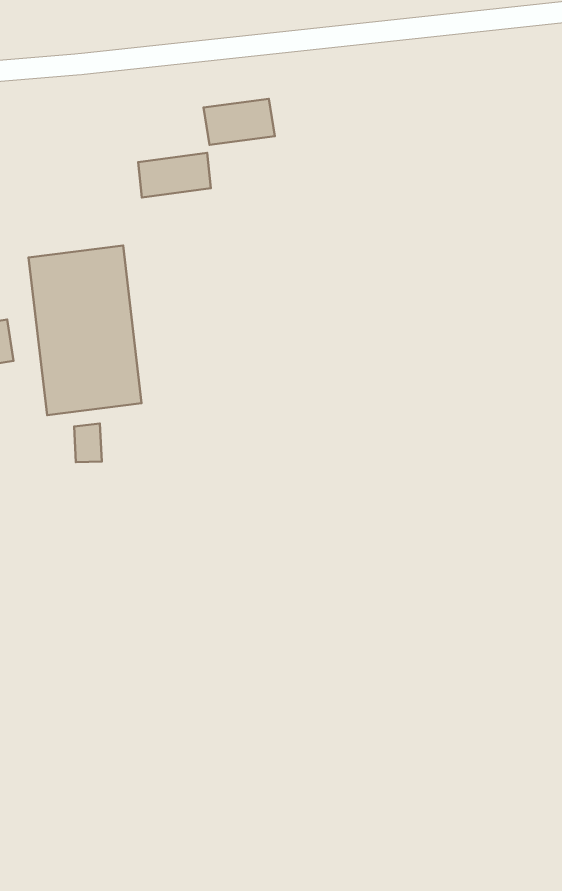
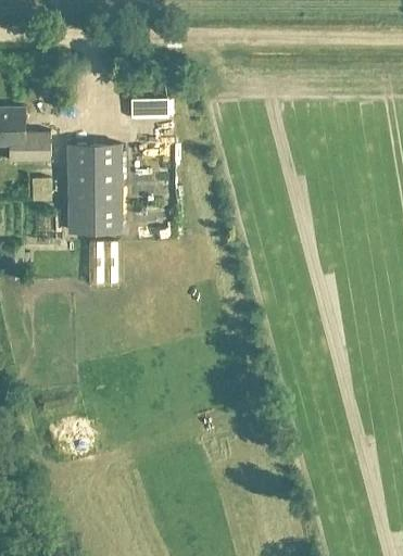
building: [204,99,275,145] -> none

